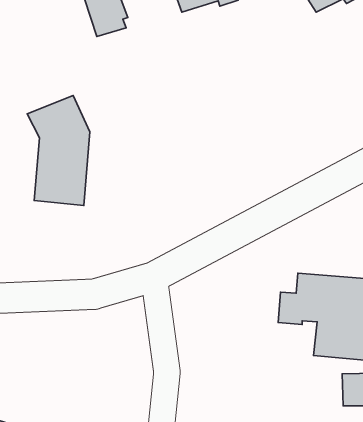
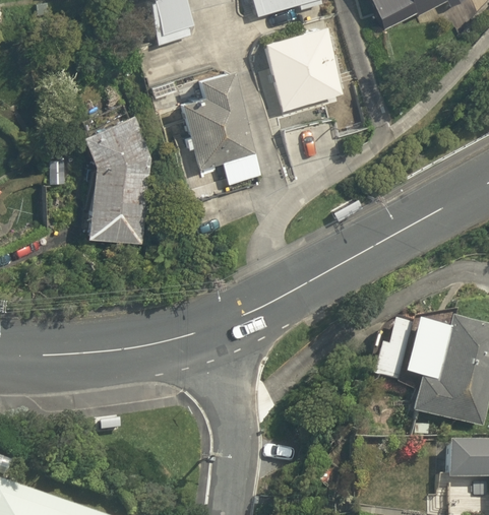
building: none -> [261,23,345,111]
building: none -> [178,68,265,185]

